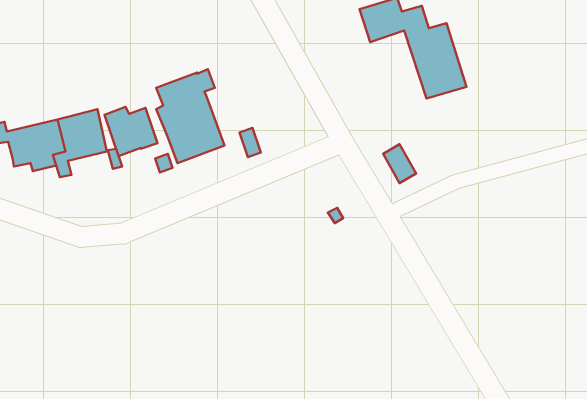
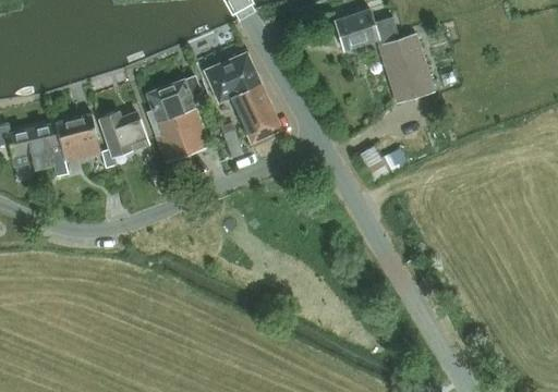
building: none -> [204,52,280,142]

